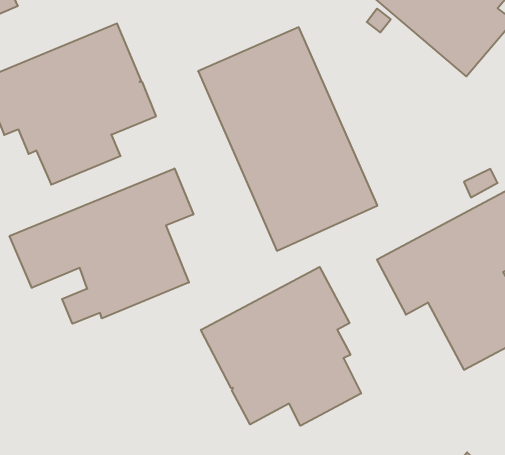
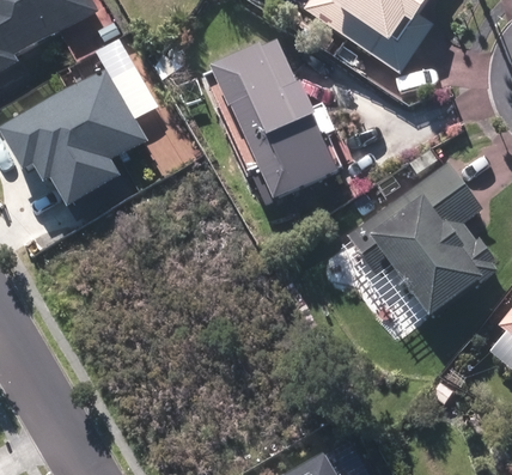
building: [10,168,193,324] -> none
building: [201,267,361,426] -> none

